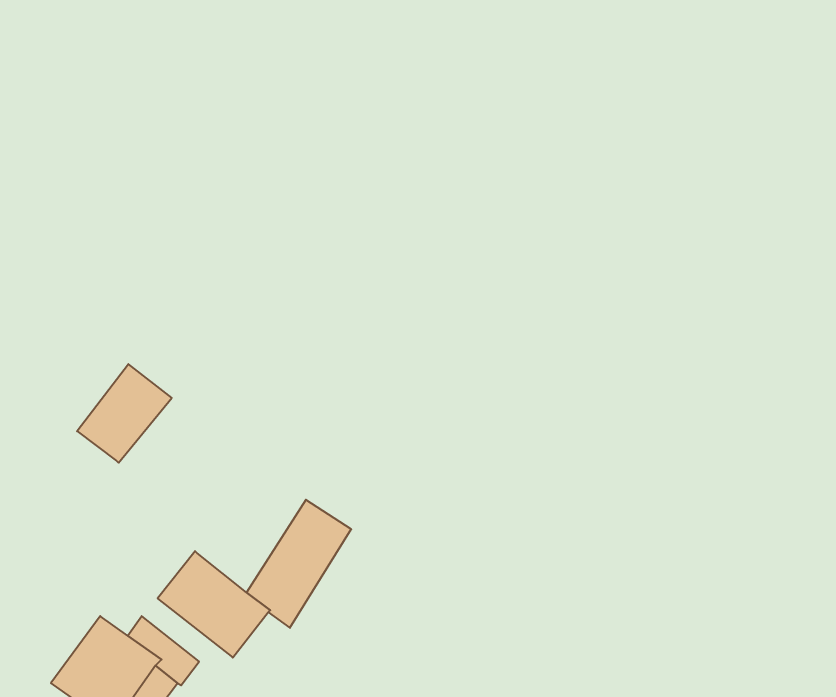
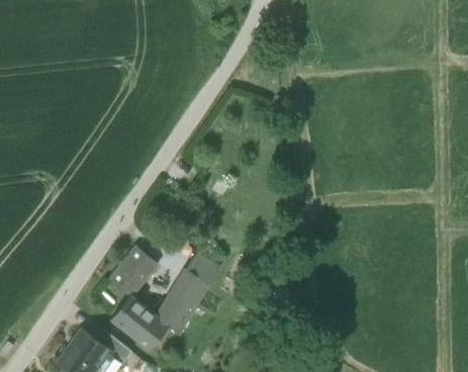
building: [77,364,172,463] -> [109,246,158,296]
building: none -> [186,253,219,284]

